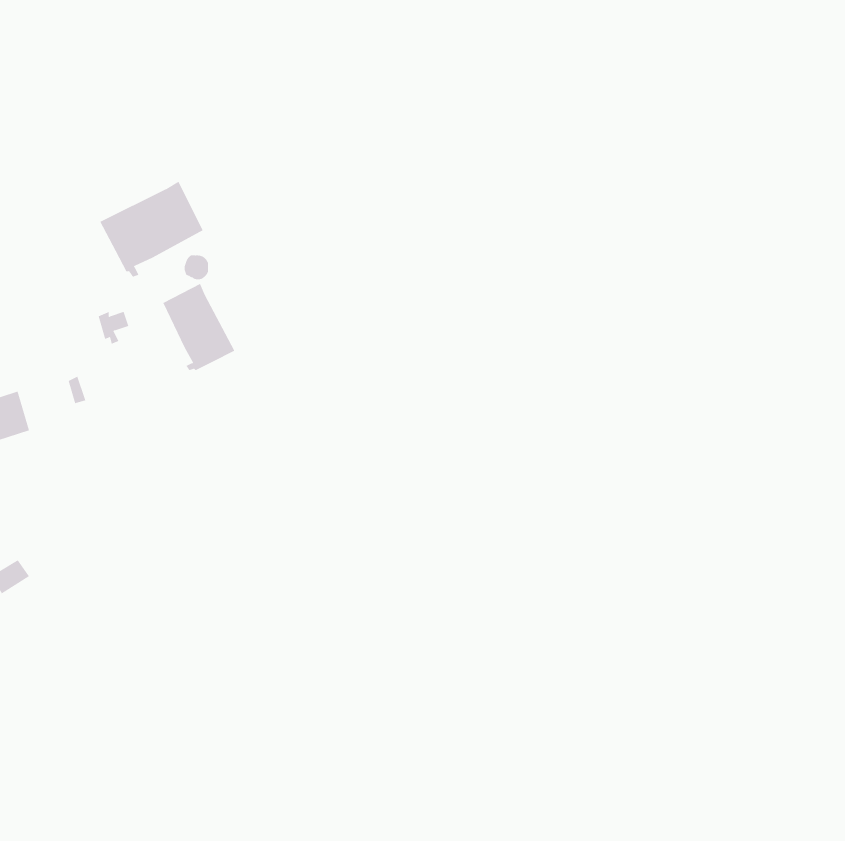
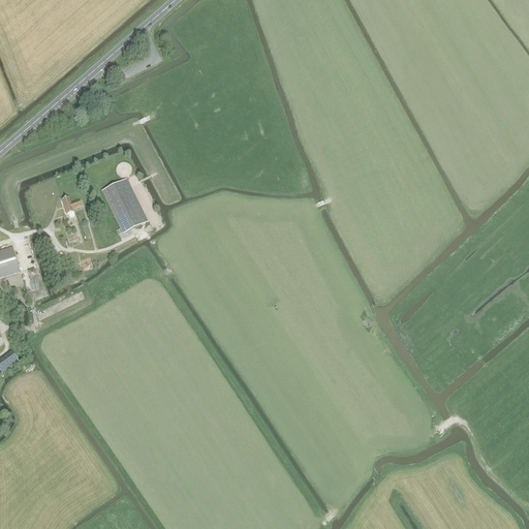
building: [99,181,203,277] -> none

